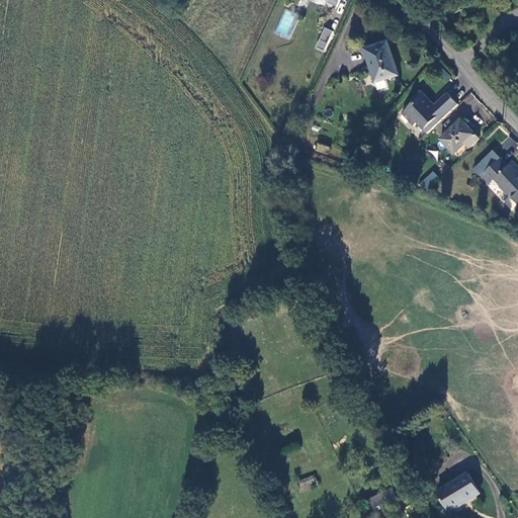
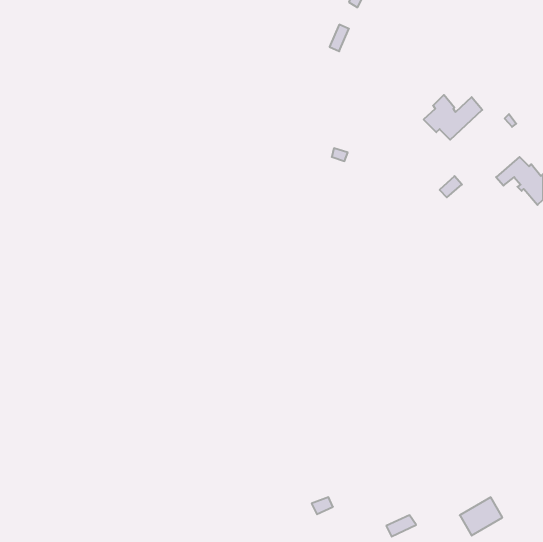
building: [364,45,400,86] -> none
building: [439,121,478,154] -> none

